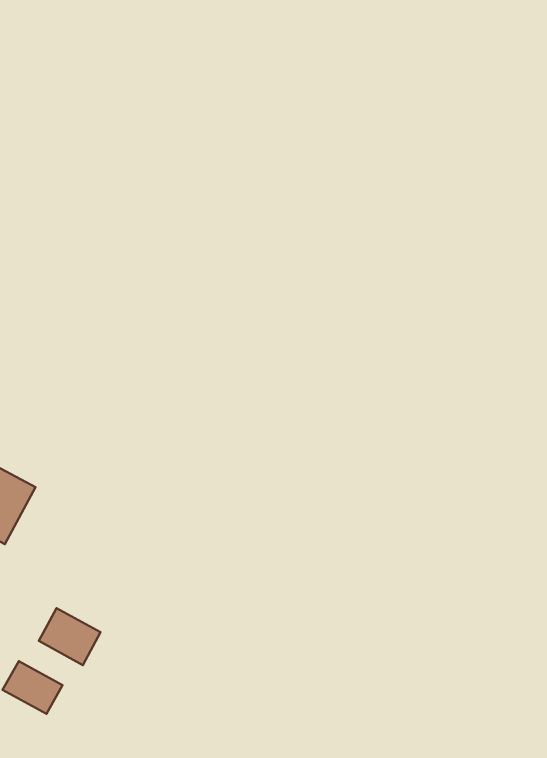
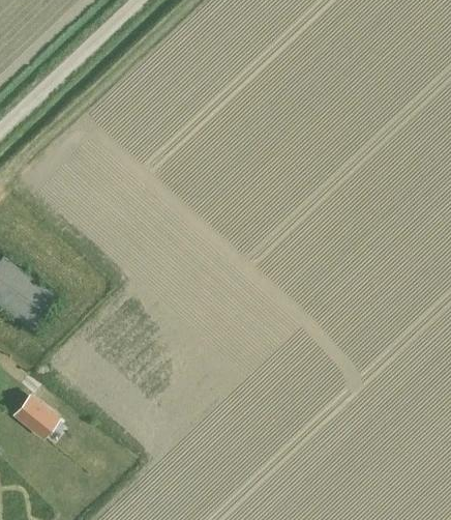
building: [39,608,101,665] -> none

